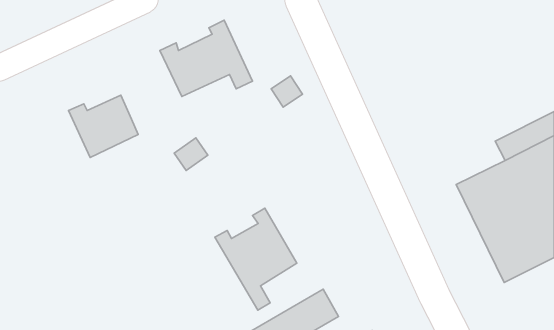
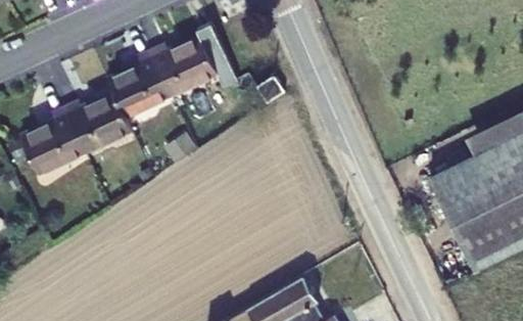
building: none -> [106,53,171,118]
building: none -> [20,109,85,175]
building: [215,208,297,310] -> none

